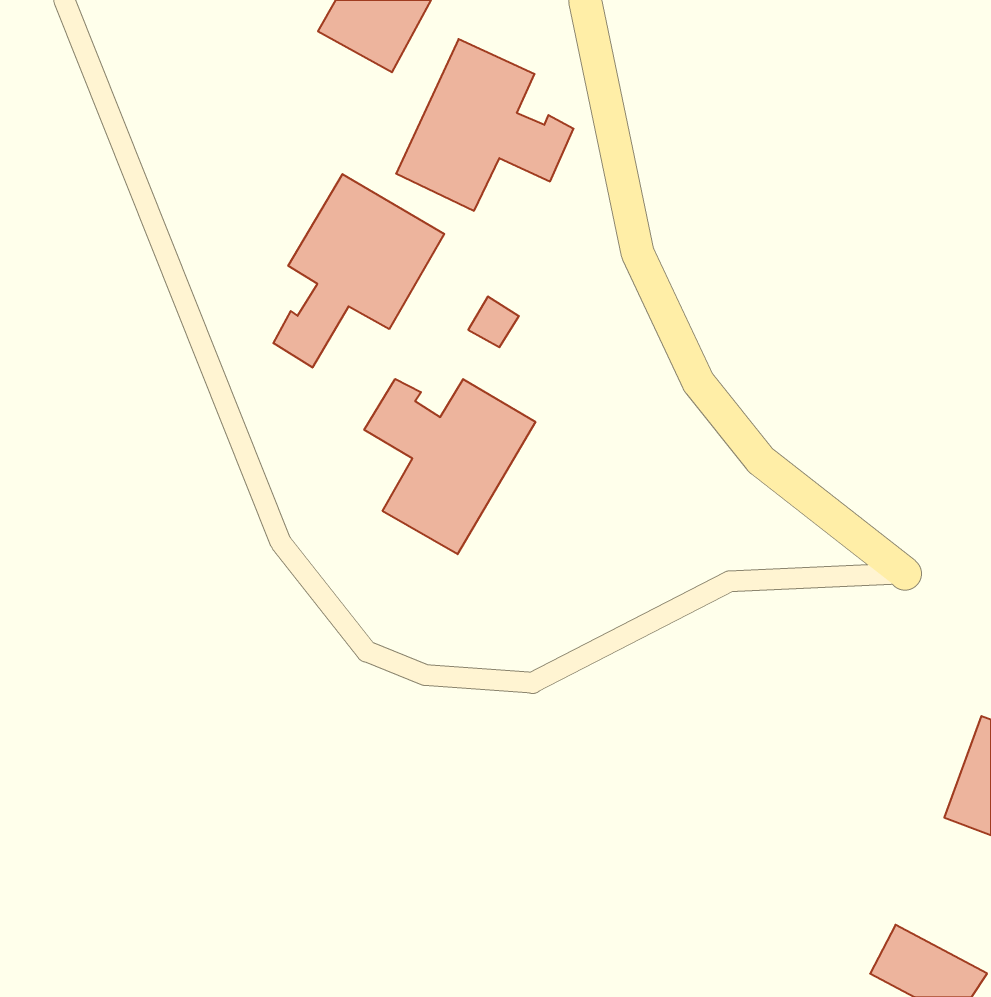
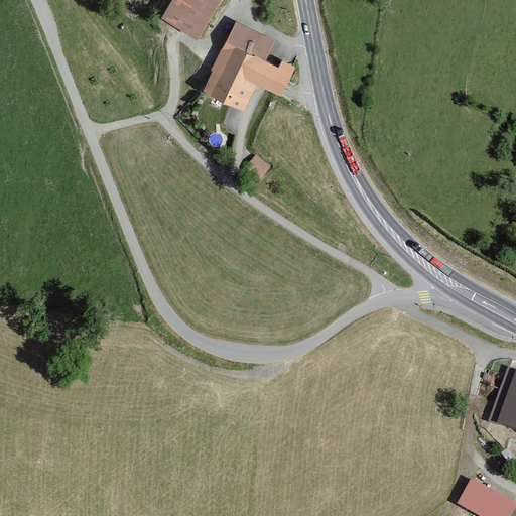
building: [273,174,444,368] -> none
building: [364,379,535,554] -> none

